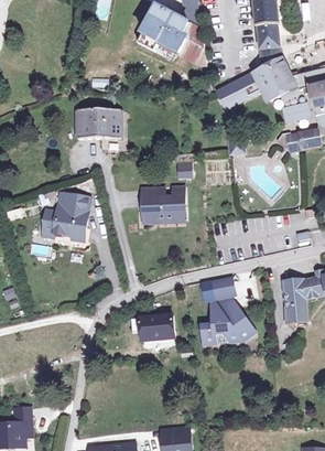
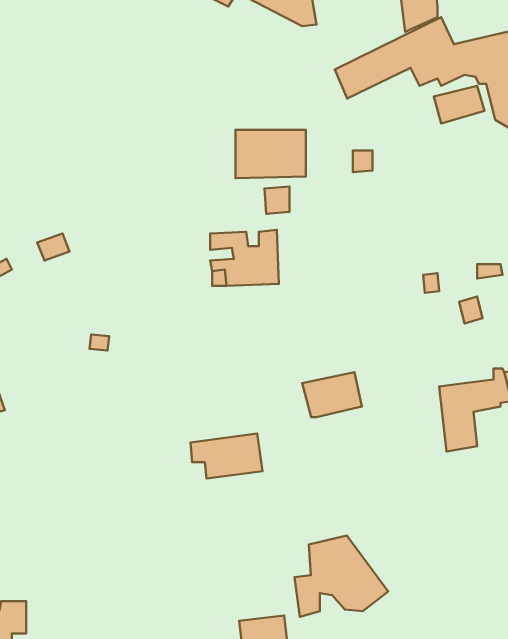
building: [78,109,121,139] -> [236,130,306,178]
building: [277,130,319,151] -> none
building: [41,193,86,238] -> none
building: [198,297,256,346] -> [294,536,388,617]

